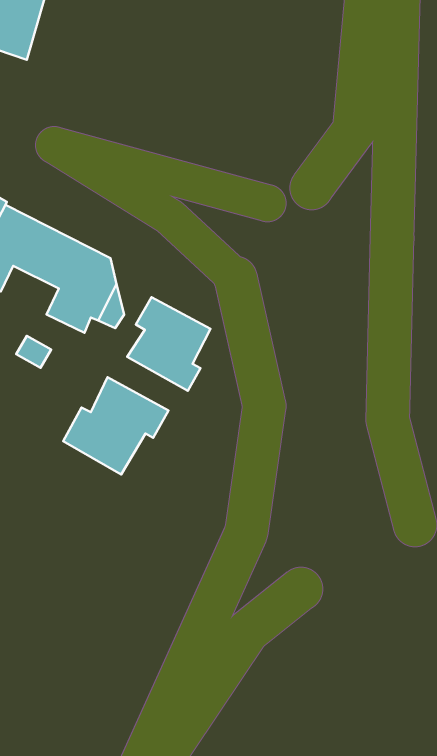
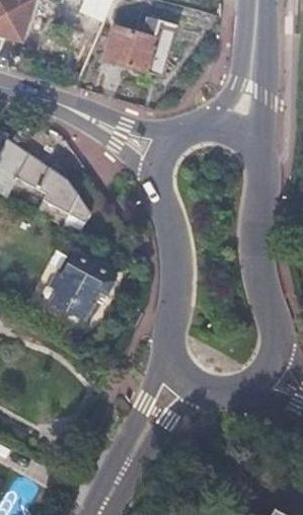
building: none -> [104,14,178,69]
building: [127,297,211,391] -> none

